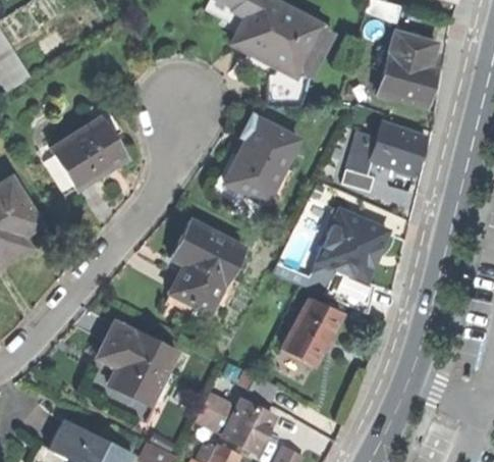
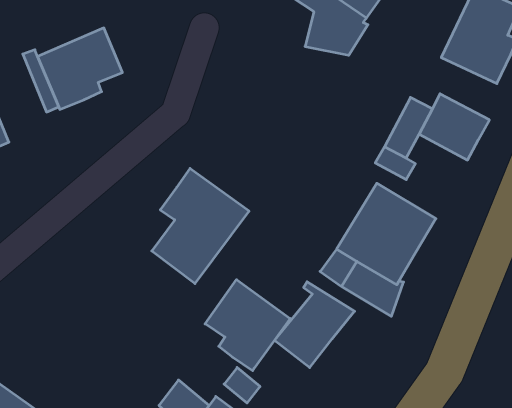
building: [218,115,298,214] -> none
building: none -> [205,280,290,371]
building: [98,321,177,405] -> none

